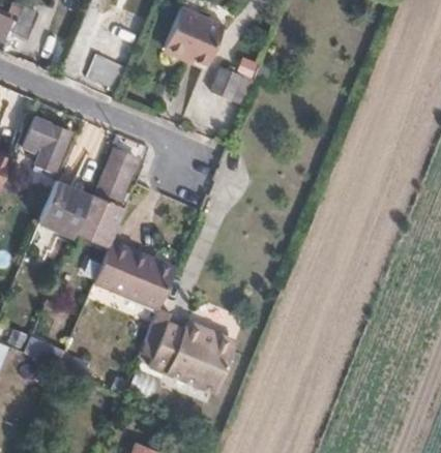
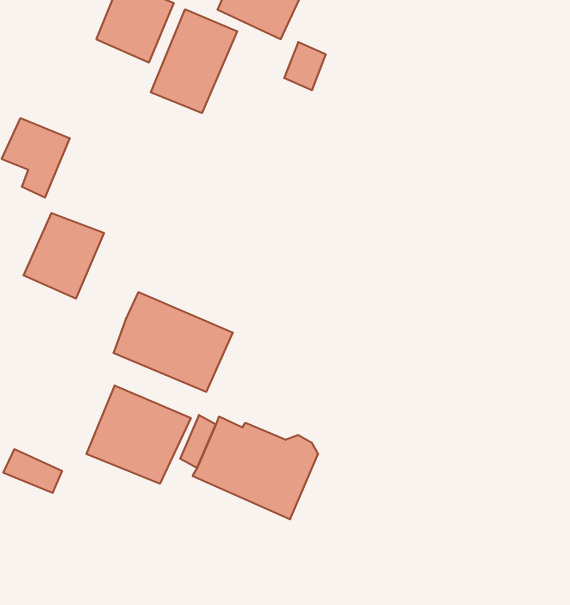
building: none -> [151,9,237,113]
building: [70,151,136,254] -> none
building: none -> [86,385,191,484]

